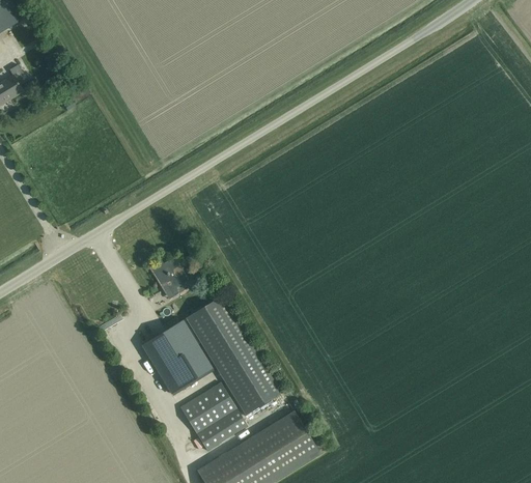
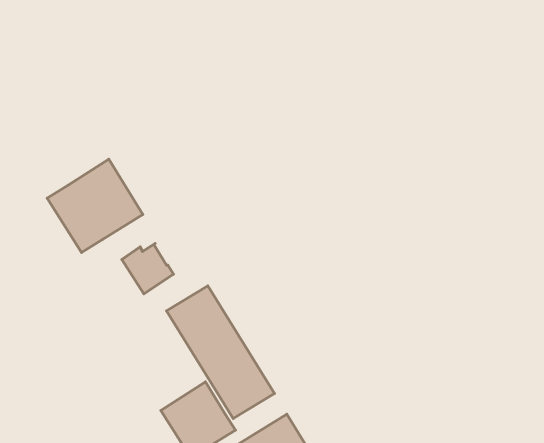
building: none -> [47,159,143,252]
building: [139,320,209,394] -> none

